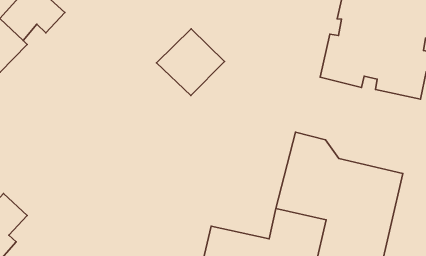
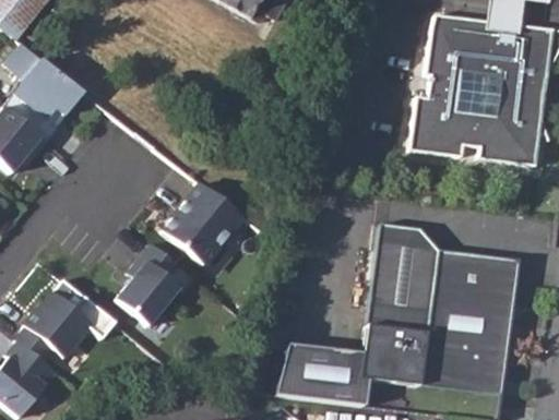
building: [157,29,224,95] -> [160,185,245,268]
building: none -> [116,242,182,328]
building: none -> [27,280,119,357]

